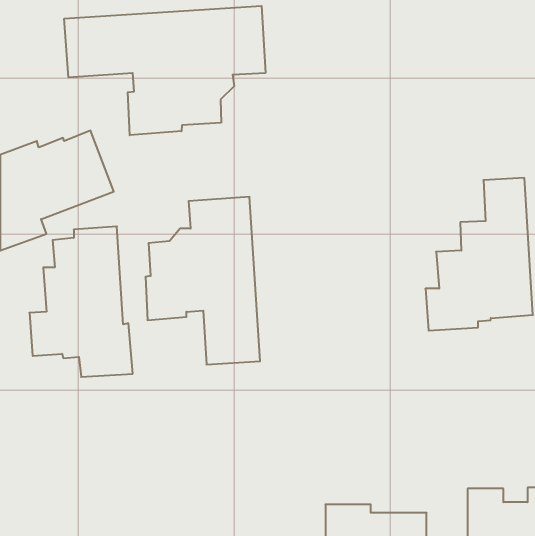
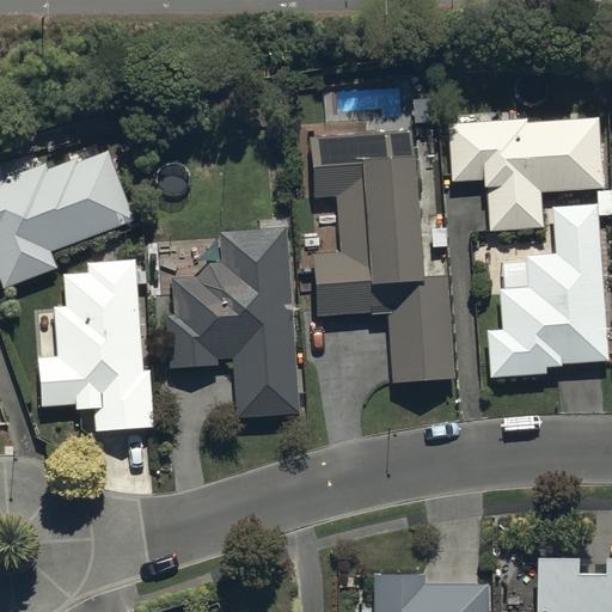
building: [64,6,265,135] -> none
building: none -> [447,118,602,231]
building: none -> [308,131,454,381]

